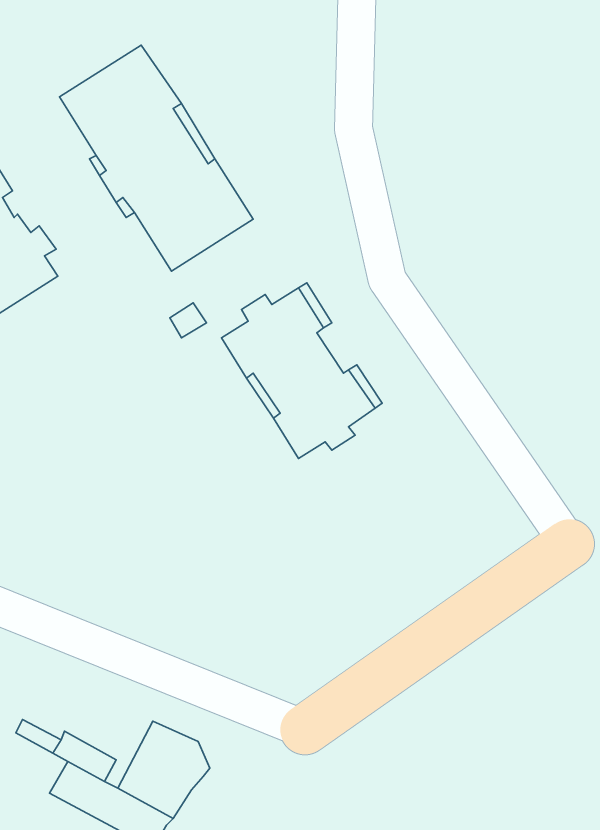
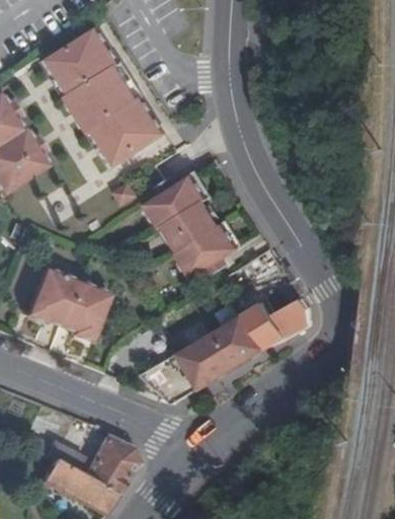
building: none -> [23,271,106,342]
building: none -> [142,300,309,403]

